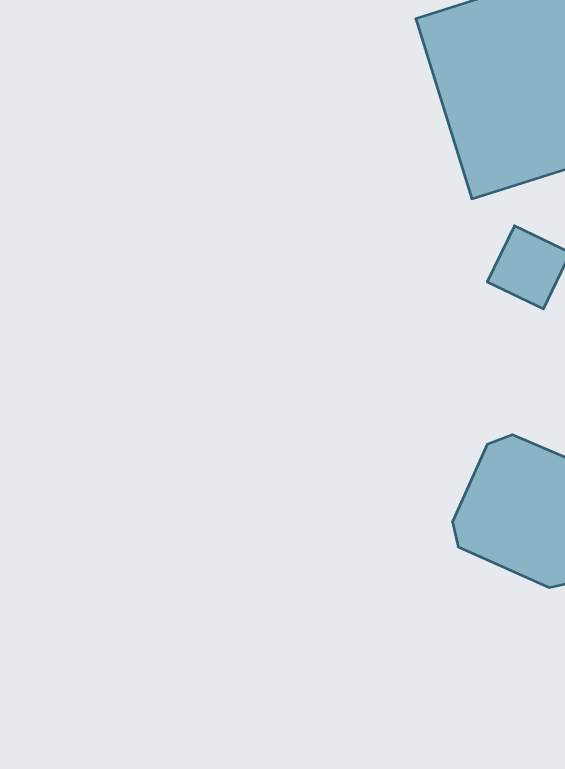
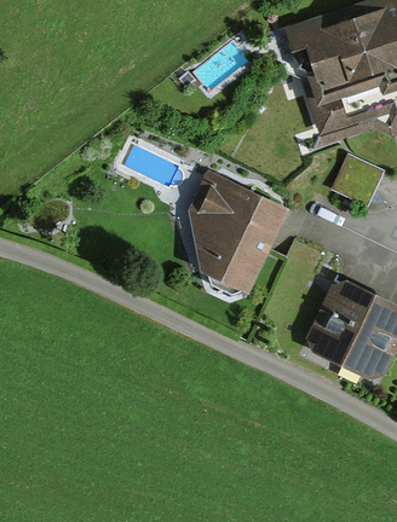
building: none -> [190,175,286,294]

